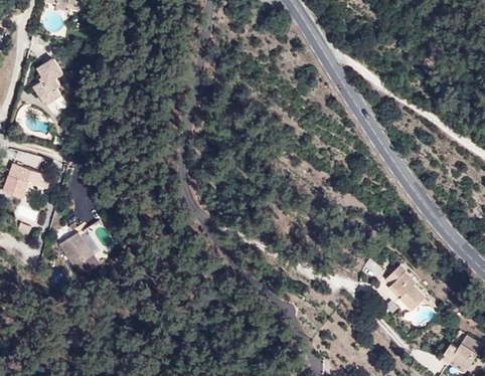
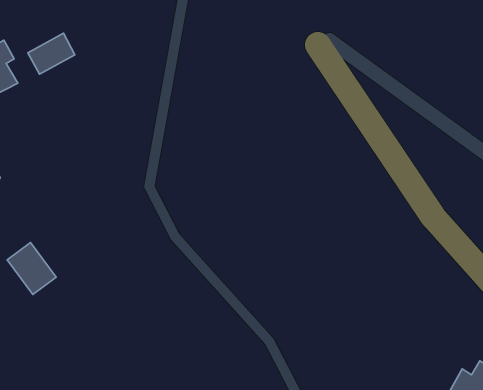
building: none -> [28,33,75,74]
building: [381,264,429,311] -> none

